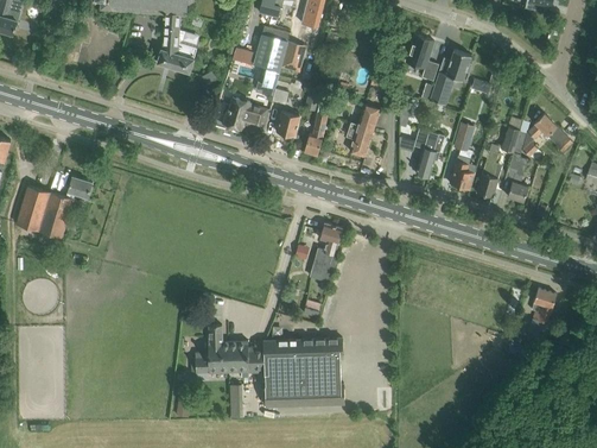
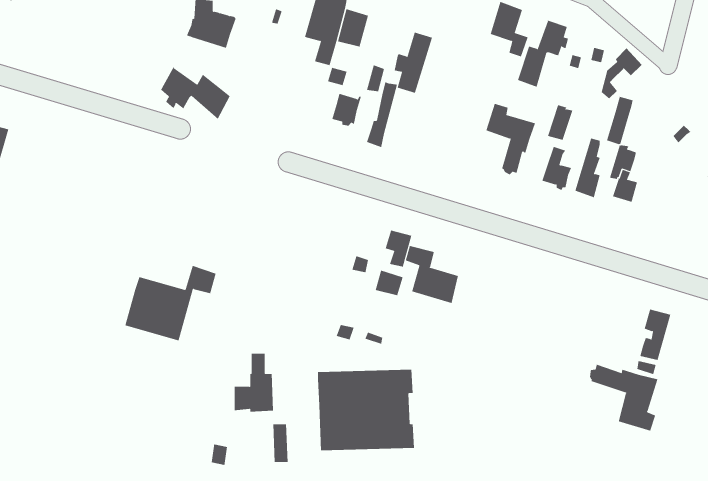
building: none -> [159,65,231,120]
building: [222,97,266,130] -> none
building: [347,105,379,156] -> [394,32,433,94]
building: [522,113,557,156] -> [601,48,642,99]
building: [15,176,91,239] -> [124,265,216,341]
building: none -> [405,245,458,304]
building: none -> [589,364,658,431]
building: [227,341,265,373] -> none

